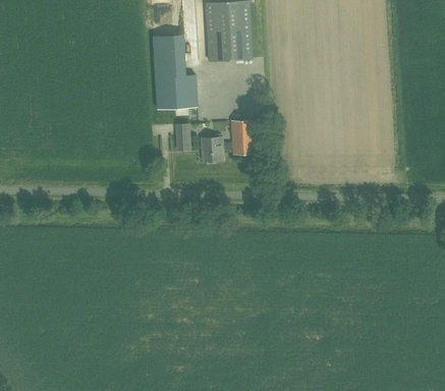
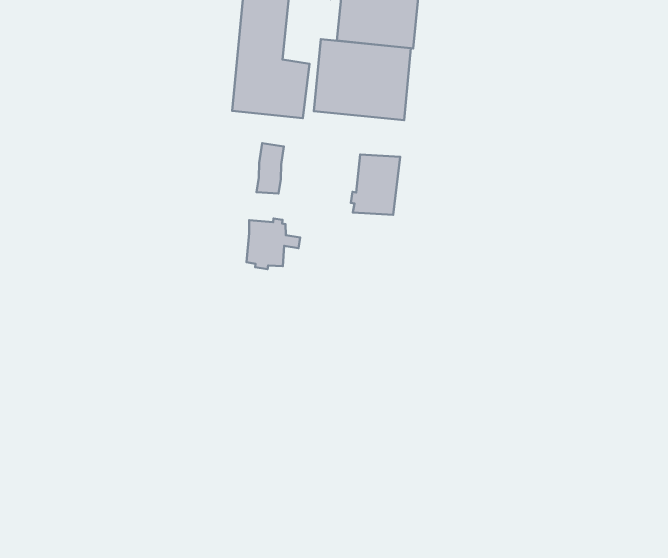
building: none -> [314,39,411,120]
building: [201,135,230,164] -> [247,219,300,269]

